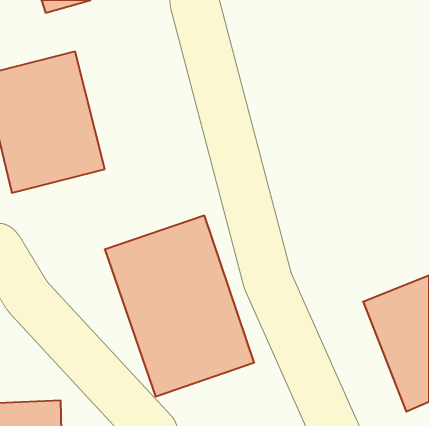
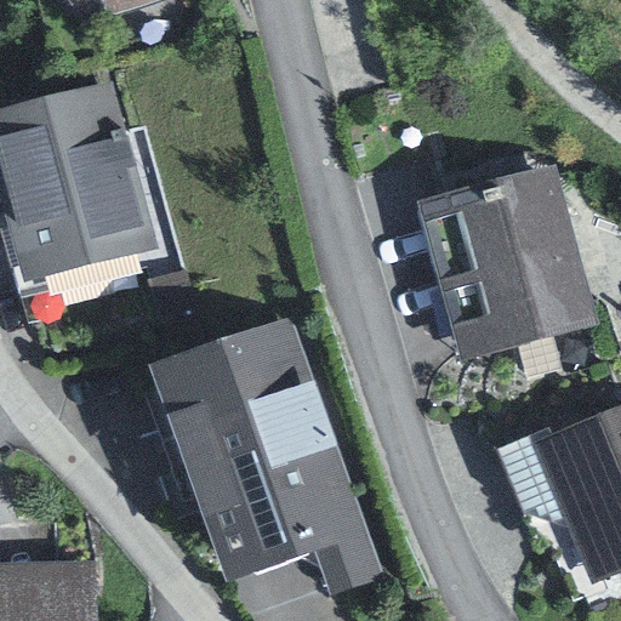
building: none -> [422,166,600,359]

